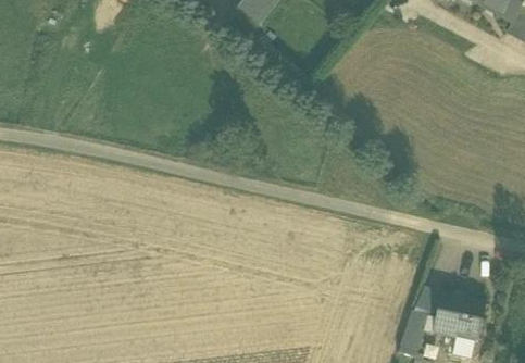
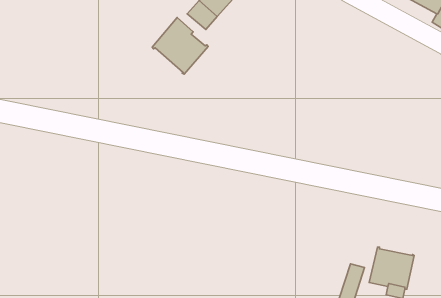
building: none -> [152,17,208,74]

